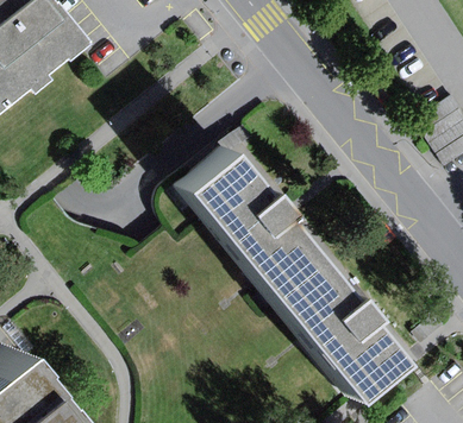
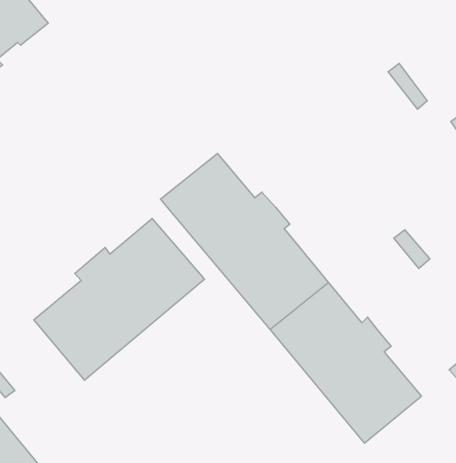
building: none -> [34,218,205,380]

